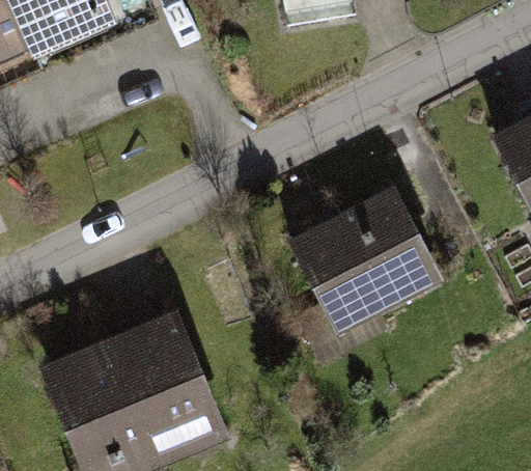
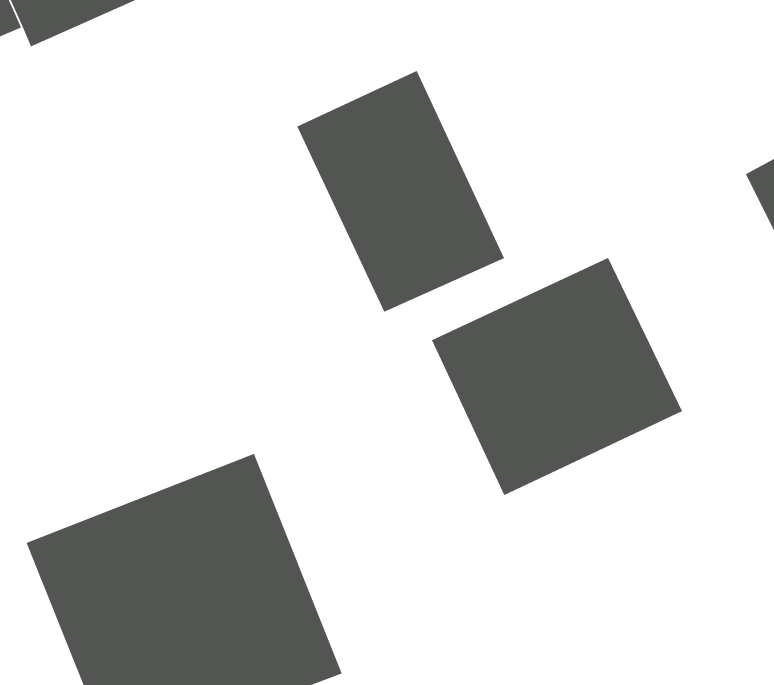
building: none -> [296,70,505,313]

